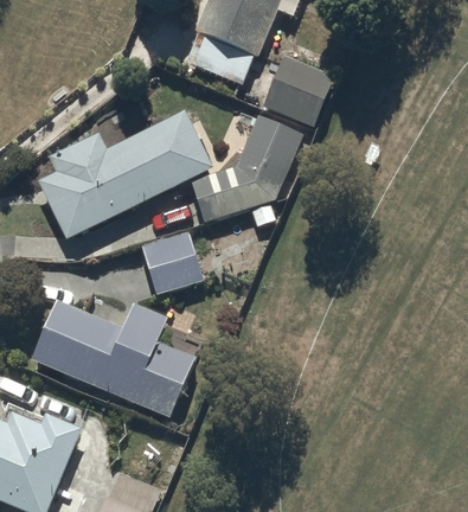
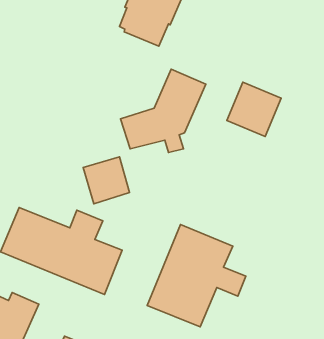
building: [262,55,334,127] -> [227,82,281,136]
building: [39,108,212,237] -> none
building: none -> [147,224,246,327]

